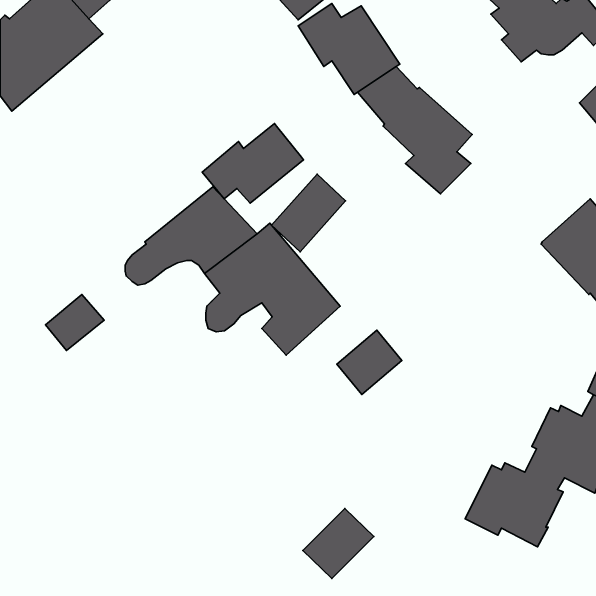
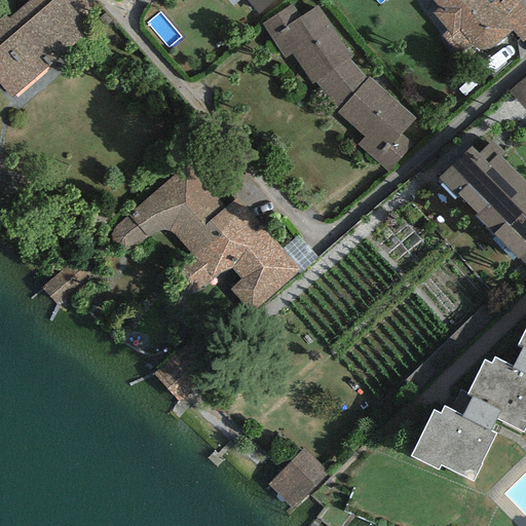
building: [202,123,304,203] -> none
building: none -> [439,141,520,213]
building: [272,174,346,252] -> none
building: [337,330,402,395] -> none

